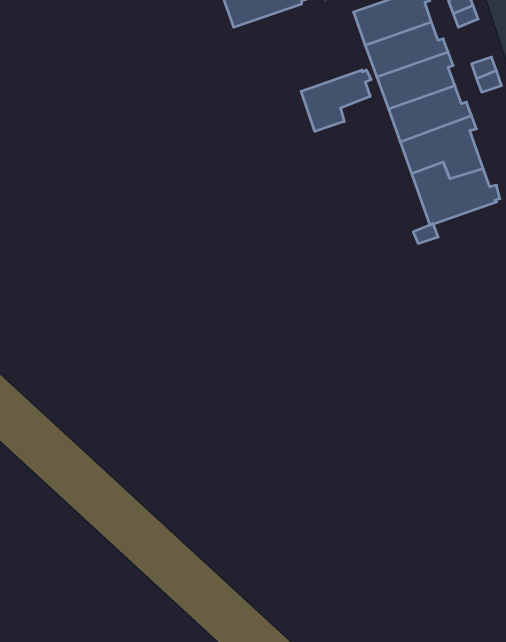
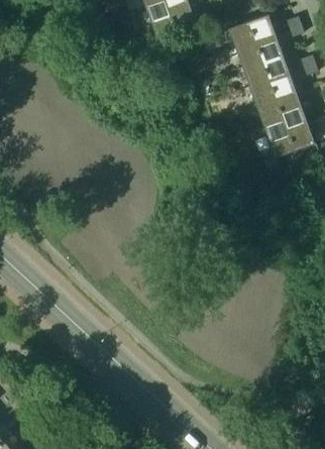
building: [301,70,371,131] -> none

